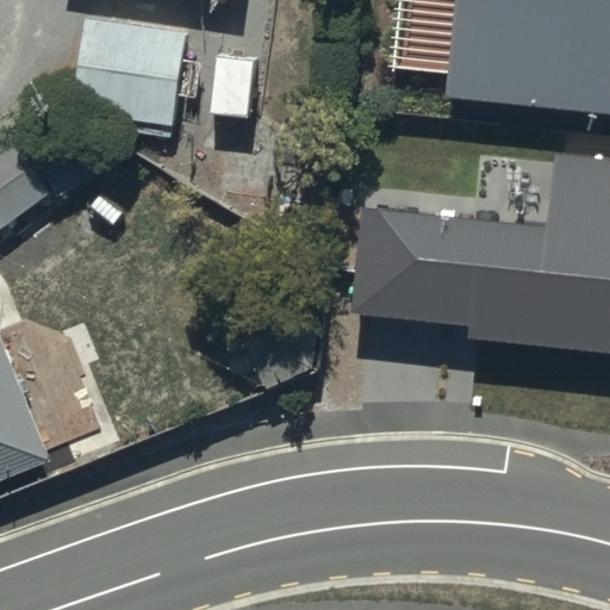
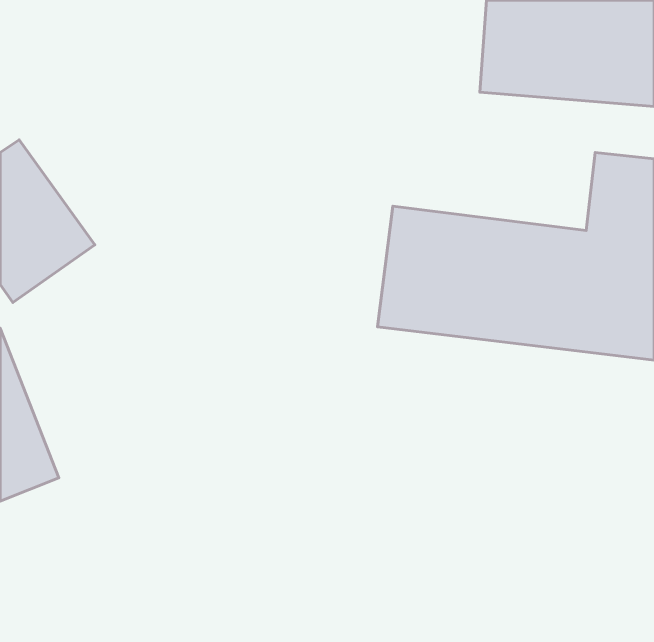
building: [77,19,195,125] -> none

